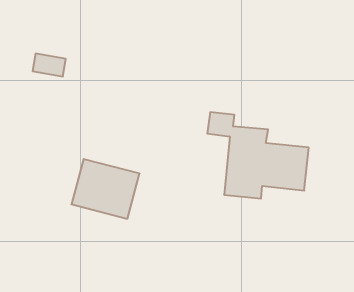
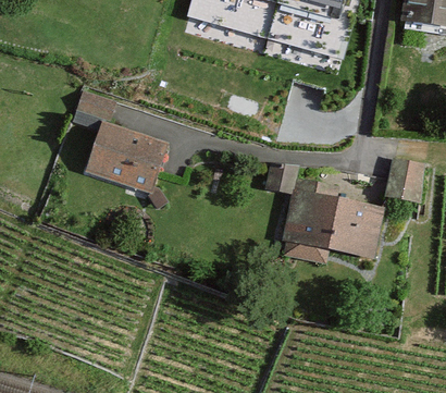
building: none -> [387,160,423,201]
building: [71,159,140,219] -> [89,124,168,194]

